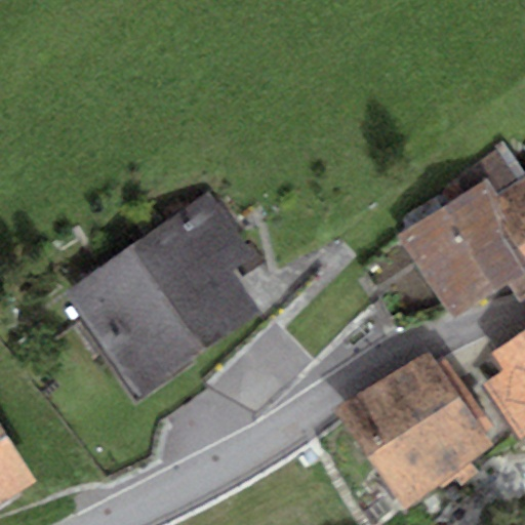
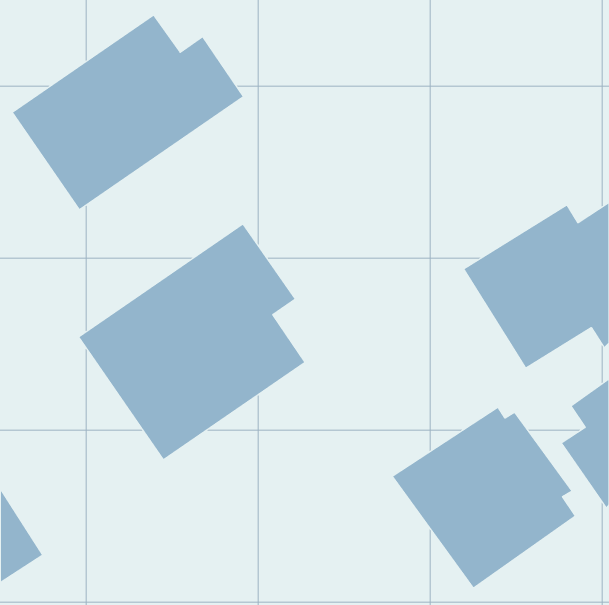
building: none -> [12,15,243,210]

